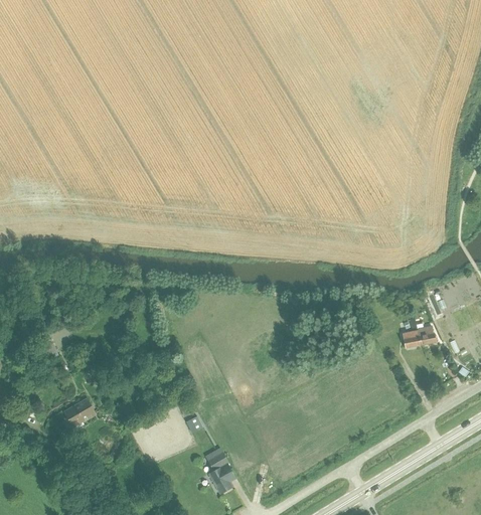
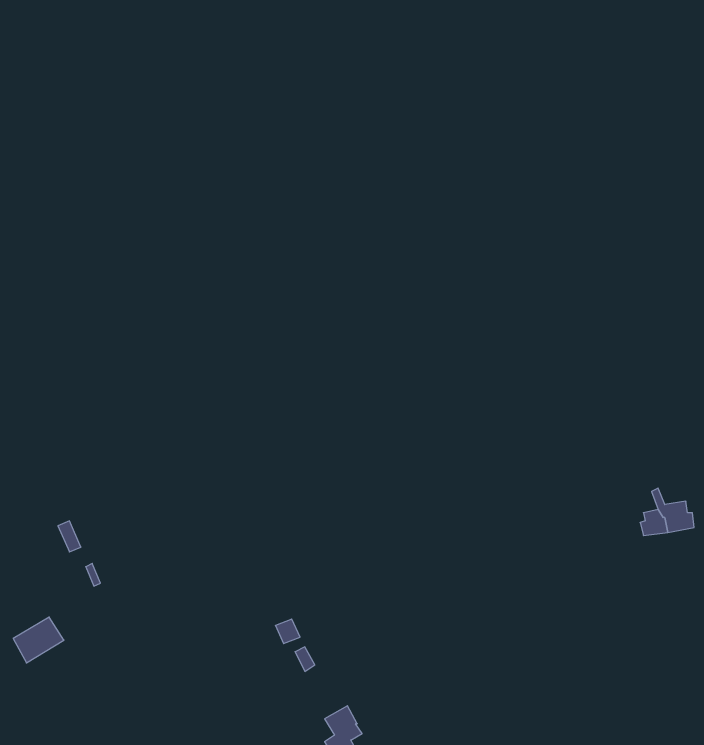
building: [64,398,96,426] -> [13,617,64,663]

